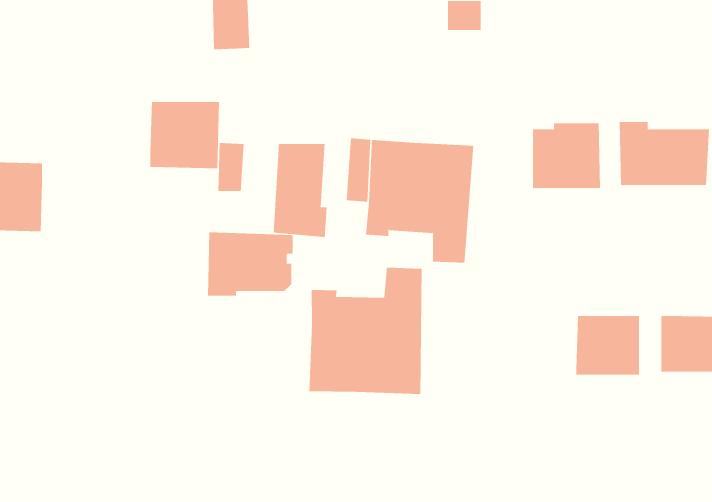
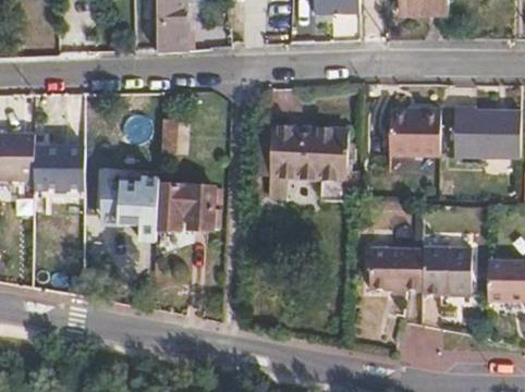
building: [150,102,220,169] -> [34,149,85,198]
building: [273,143,327,238] -> none
building: none -> [105,184,143,226]
building: [309,267,422,395] -> none
building: none -> [373,248,425,286]

